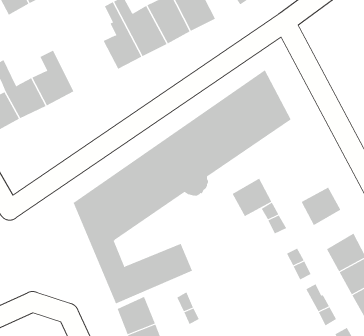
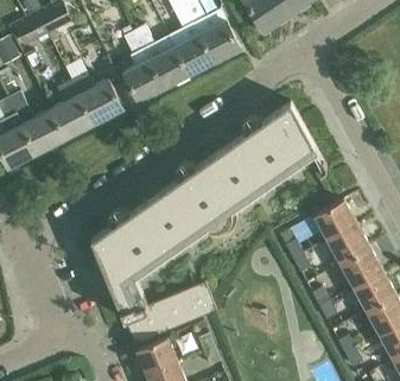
building: none -> [71,74,122,125]
building: [232,178,272,217] -> [313,198,355,239]
building: none -> [339,247,381,287]

